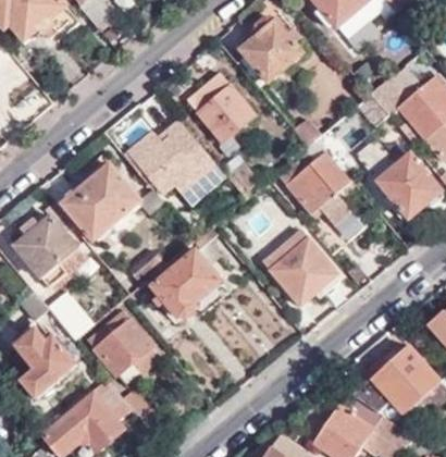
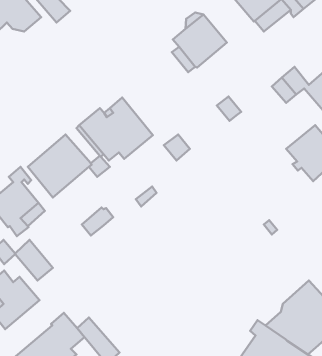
building: [187,72,255,141] -> none
building: [280,152,354,227] -> none
building: [262,228,337,306] -> none
building: [150,248,221,317] -> none
building: [87,317,161,385] -> none

